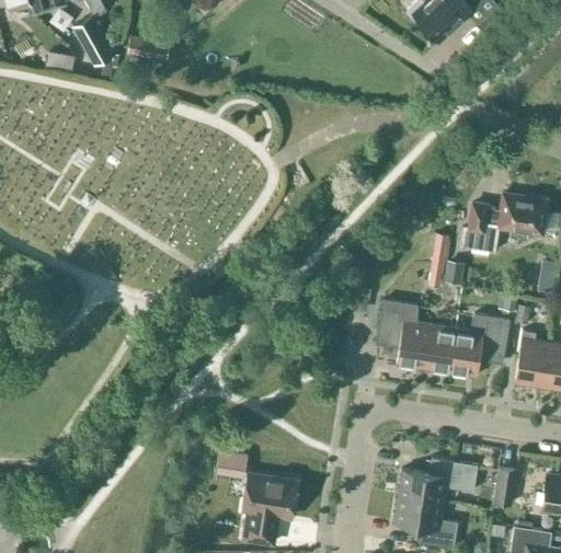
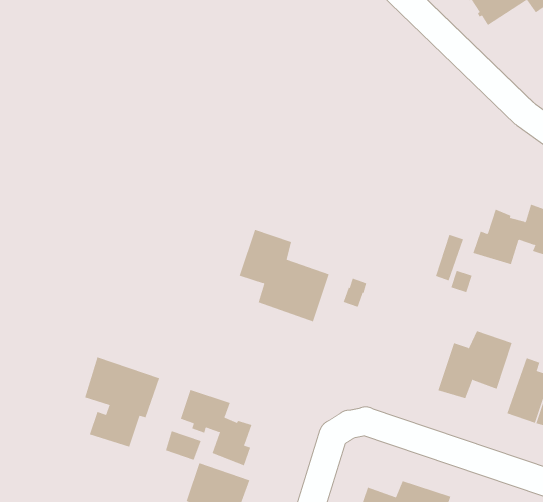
building: [376,300,456,373] -> [239,229,329,322]
building: none -> [84,357,160,447]
building: none -> [180,389,252,466]

